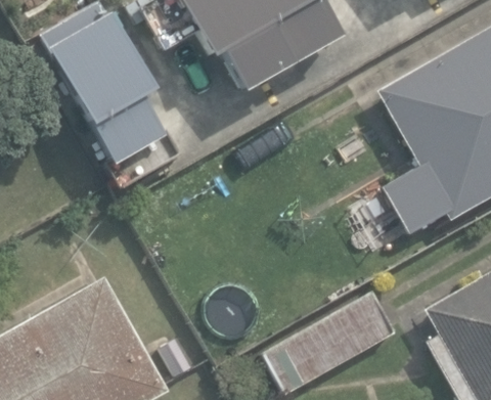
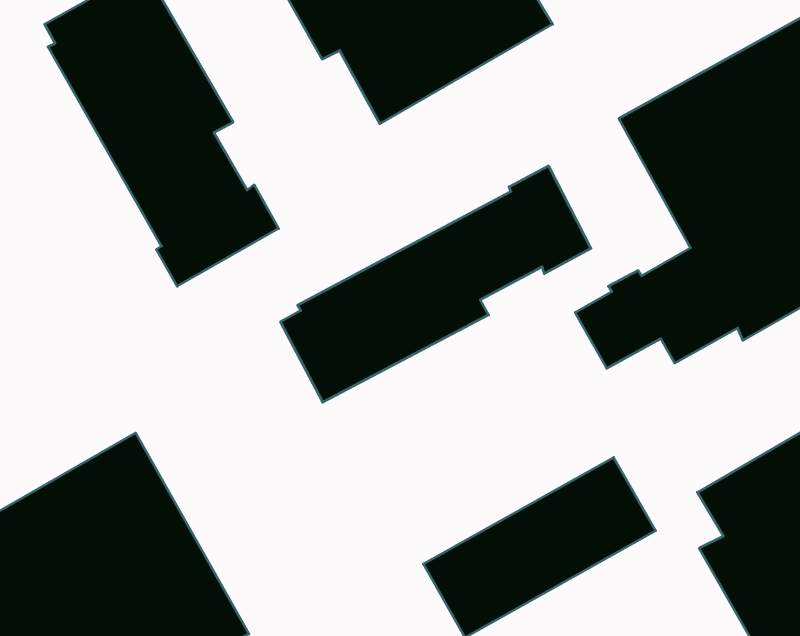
building: none -> [281,166,591,402]

